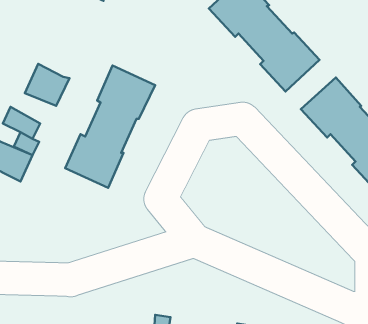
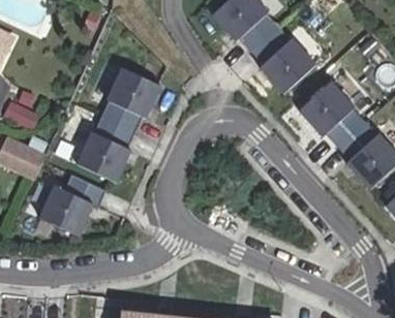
building: [25,64,69,106] -> none
building: none -> [36,174,103,236]

